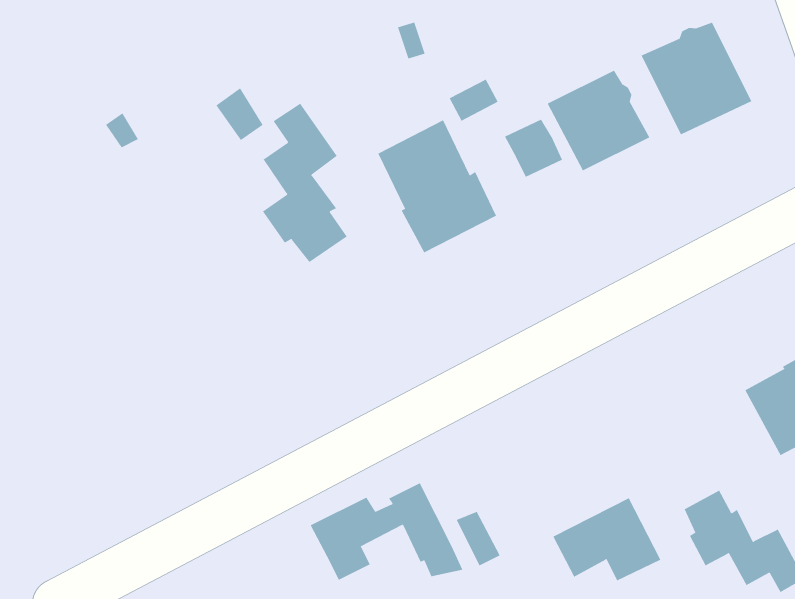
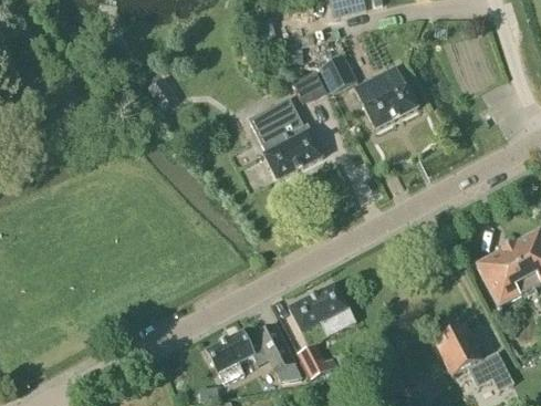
building: [641,22,752,135] -> none
building: [262,103,348,263] -> none
building: [504,119,563,178] -> [319,56,355,93]
building: [553,497,661,581] -> [288,283,355,335]

